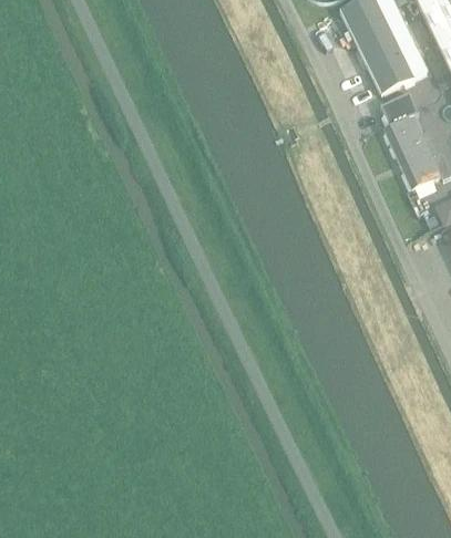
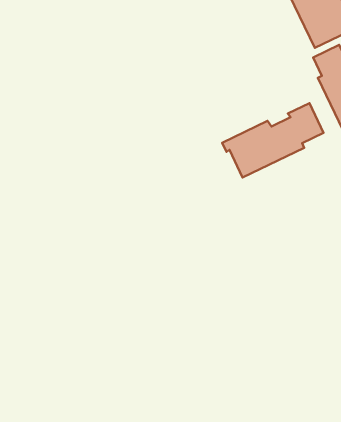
building: none -> [222,103,324,177]

